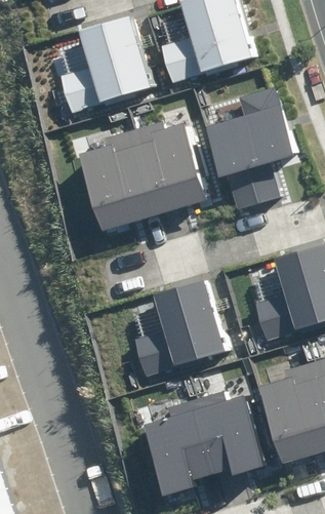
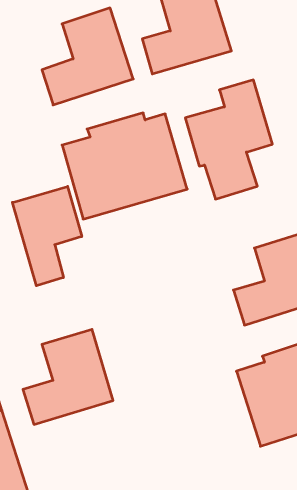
building: none -> [12,186,82,286]
building: [133,280,226,378] -> [23,329,113,424]
building: [141,392,263,495] -> none

